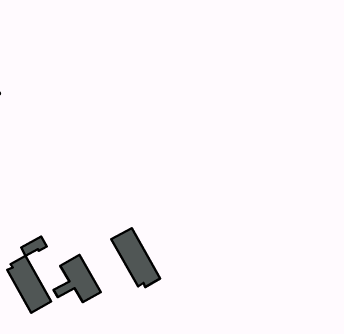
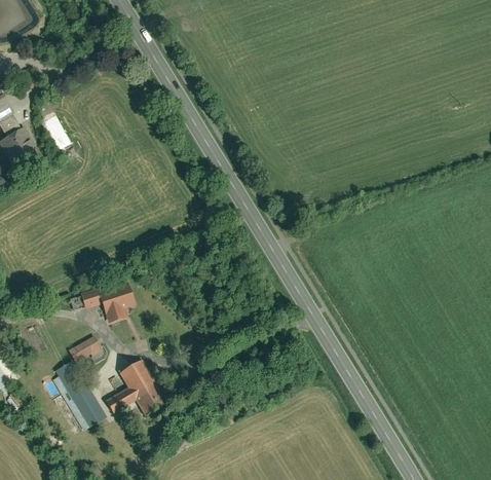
building: none -> [82,283,134,323]
building: [111,228,160,287] -> none

